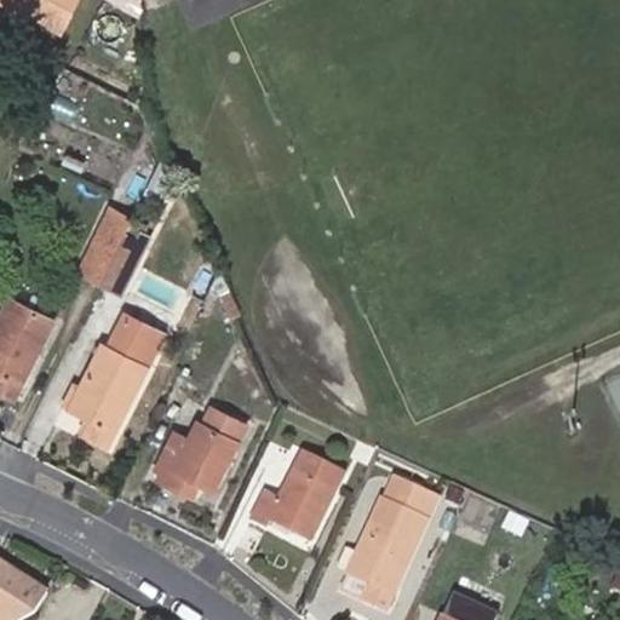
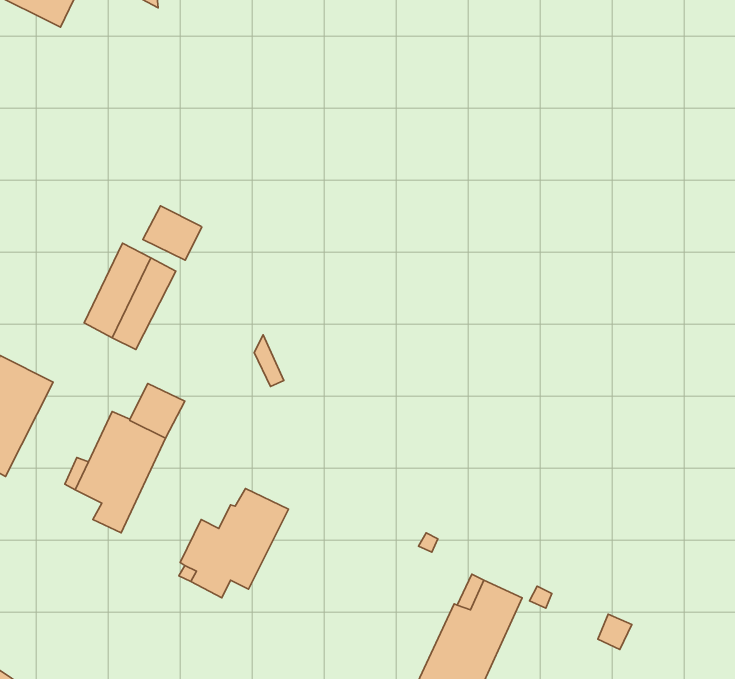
building: none -> [143,206,202,260]
building: [251,453,341,536] -> none

